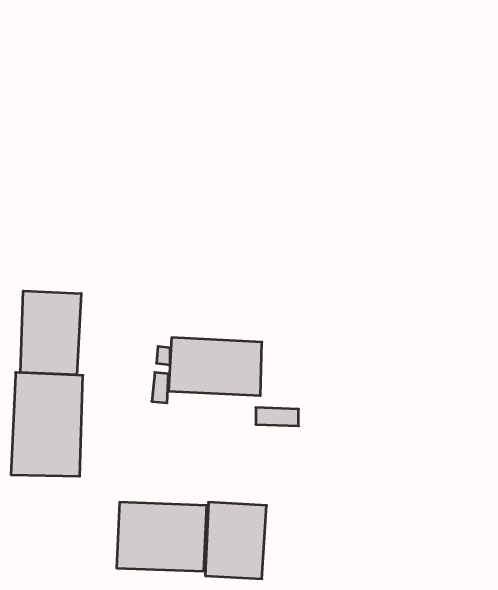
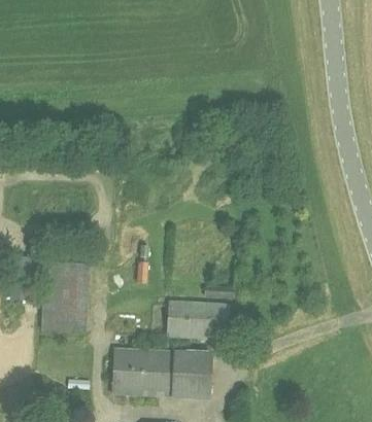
building: [20,291,81,375] -> none
building: [169,338,262,396] -> [166,301,229,340]

